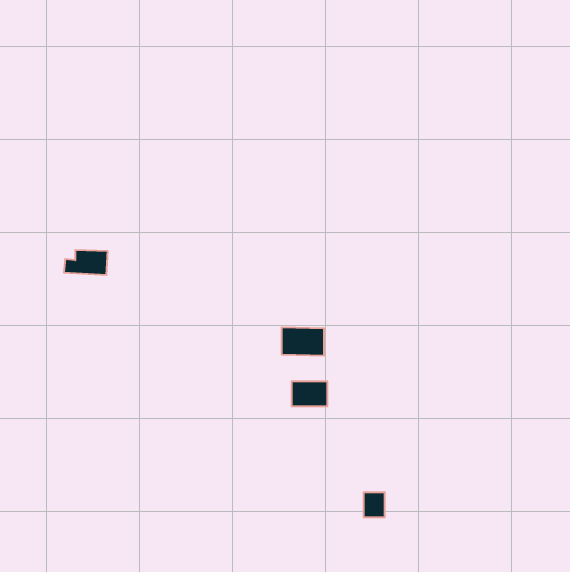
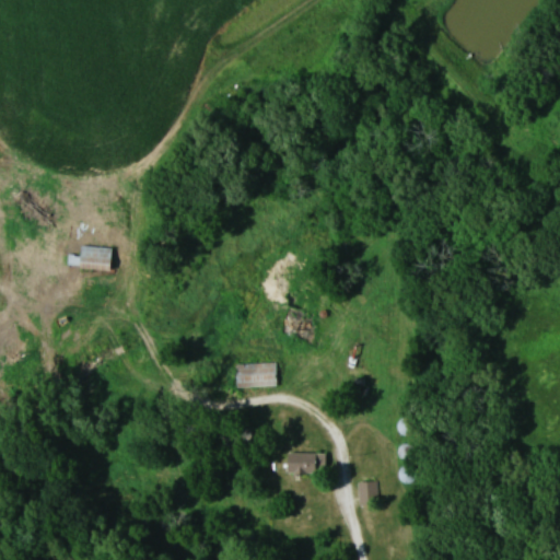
building: [292,381,327,406] -> [241,362,276,386]
building: none -> [288,454,326,472]

